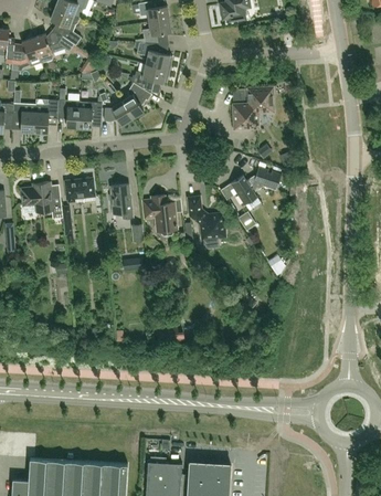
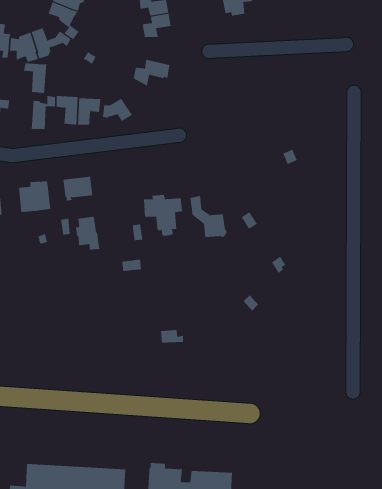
building: [136,43,172,71] -> none
building: [121,84,151,119] -> none
building: [233,88,273,130] -> none
building: [12,104,35,134] -> [23,63,47,93]
building: [230,169,281,207] -> none
building: [108,186,133,219] -> [75,216,100,250]

